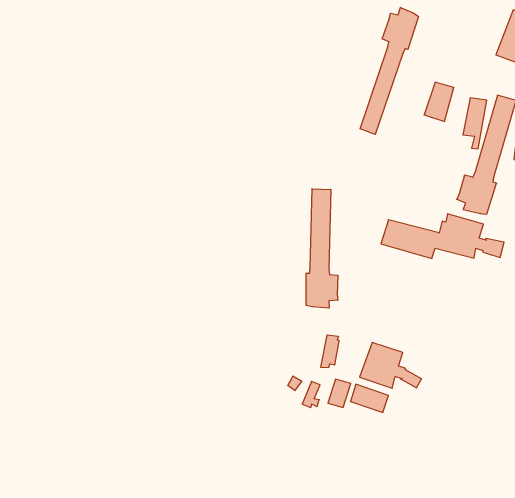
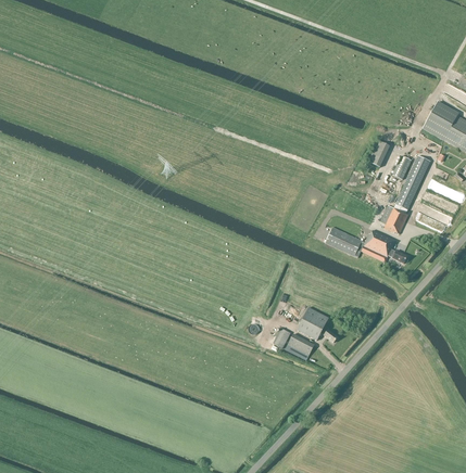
building: [360,7,418,134] -> none
building: [306,189,338,308] -> none

